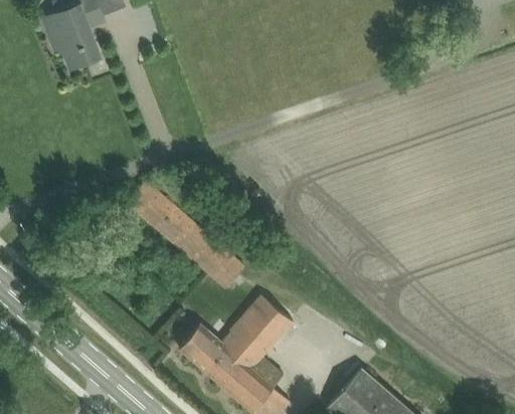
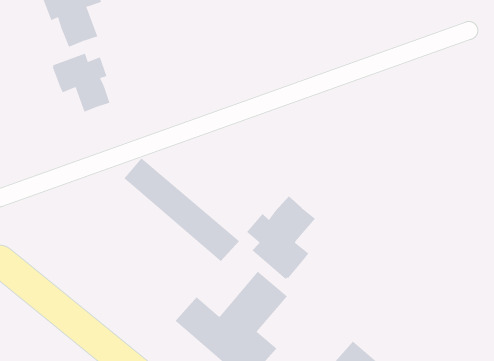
building: none -> [52,53,110,113]
building: none -> [246,195,316,280]

